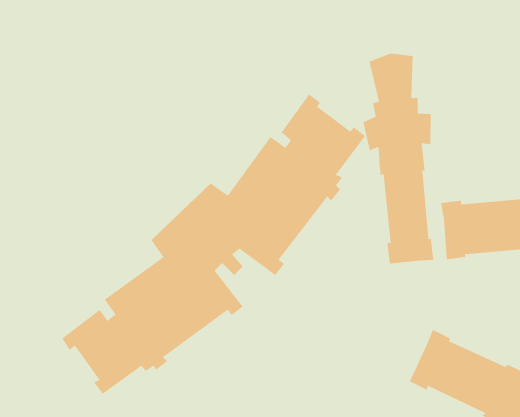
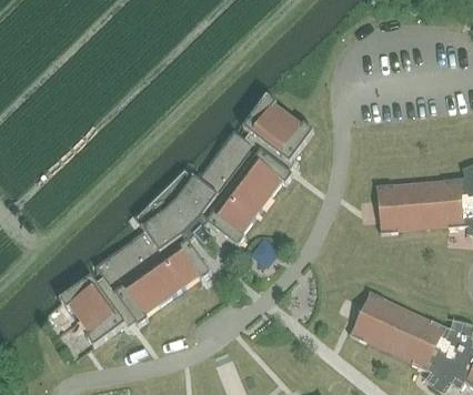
building: [363,53,434,265] -> none

